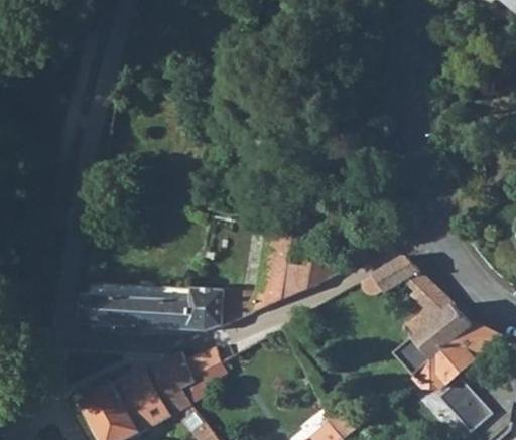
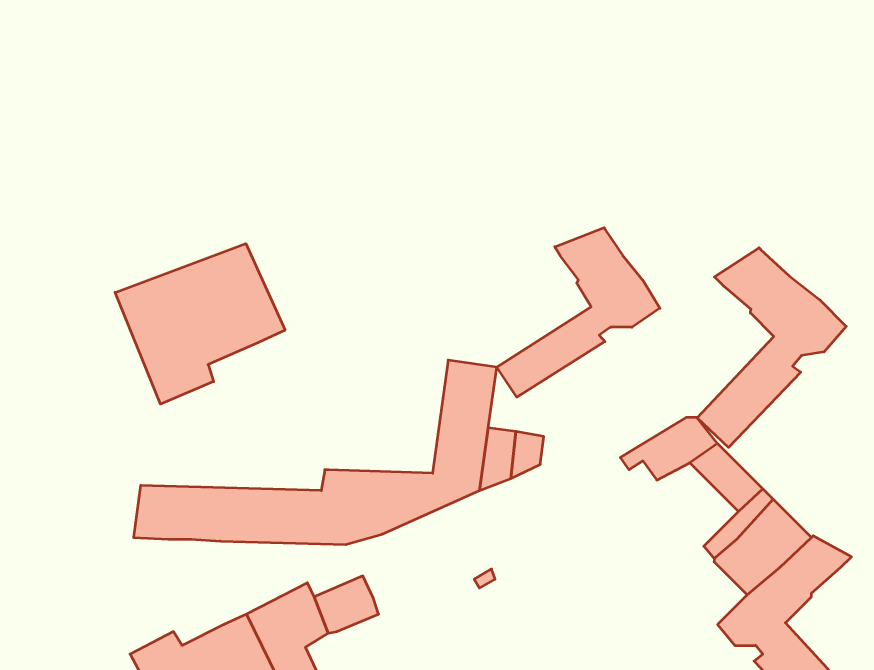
building: none -> [497,228,660,397]
building: none -> [115,244,285,404]
building: none -> [697,248,846,447]

